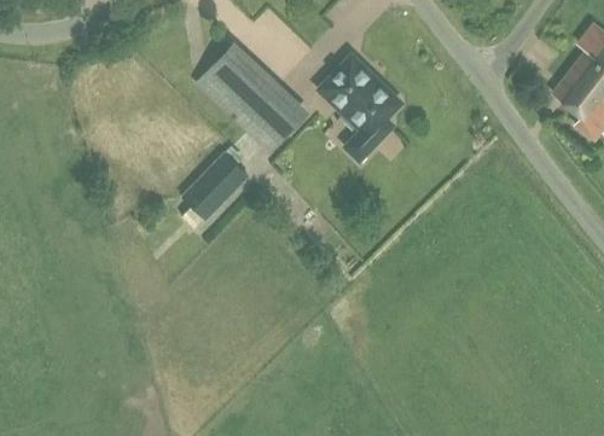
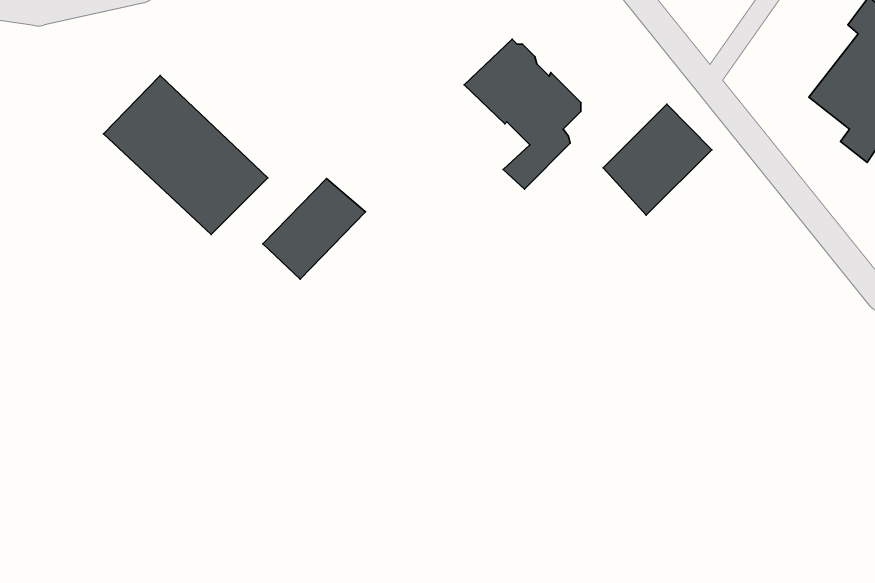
building: [196,42,308,151] -> [104,76,268,234]
building: none -> [603,104,712,215]

